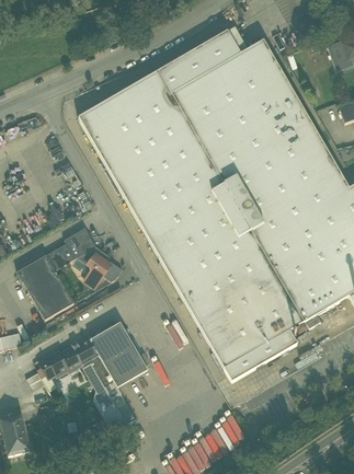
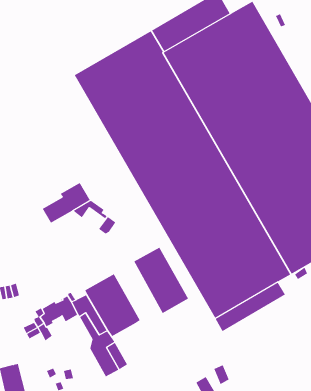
building: [84,253,111,286] -> none
building: [16,254,73,319] -> none
building: none -> [134,247,189,314]

